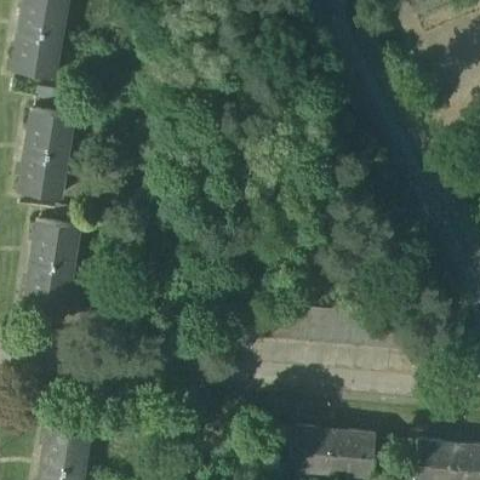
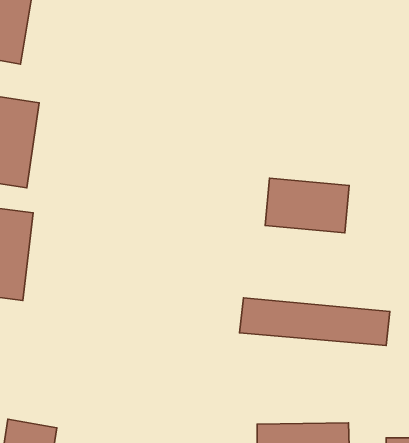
building: none -> [265,178,349,233]

